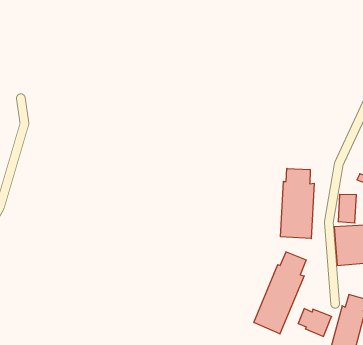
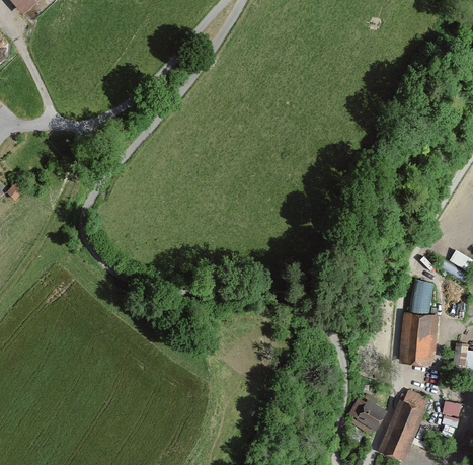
building: [281,168,314,239] -> none
building: [254,252,306,334] -> none

